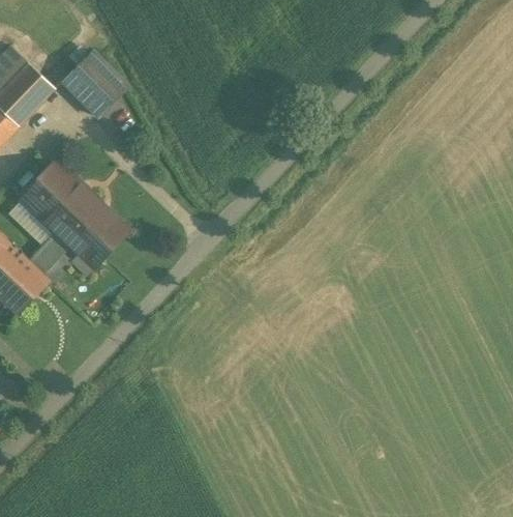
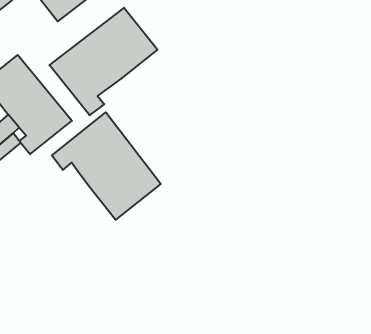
building: none -> [49,8,157,115]
building: none -> [52,112,161,220]

